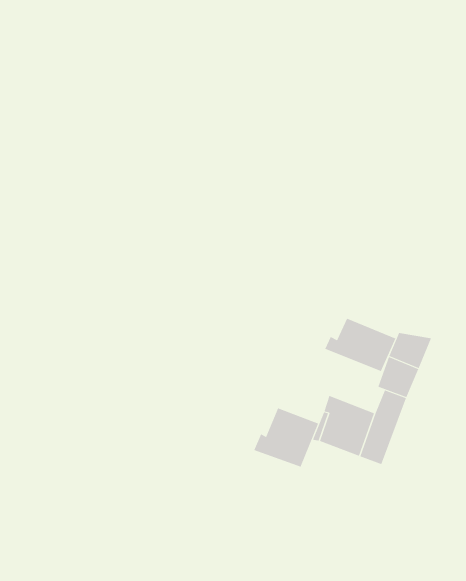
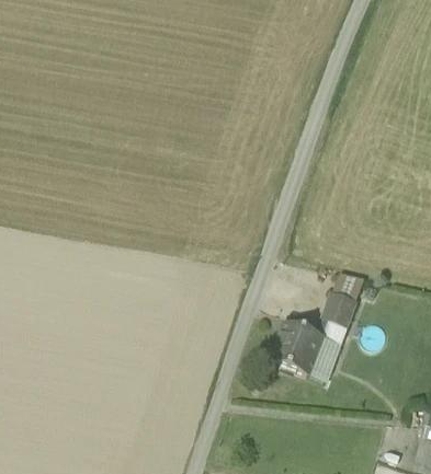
building: [324,318,396,372] -> none
building: [254,407,319,468] -> none

